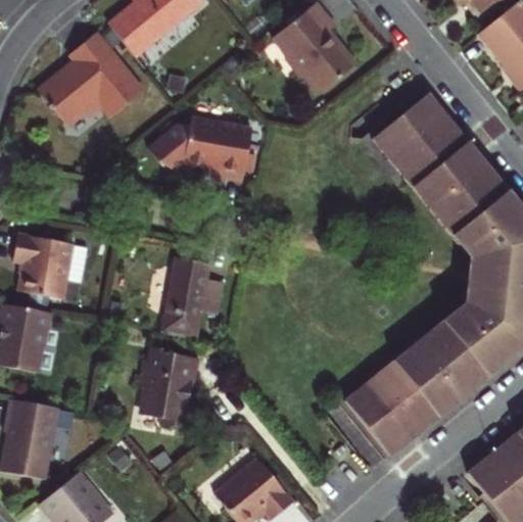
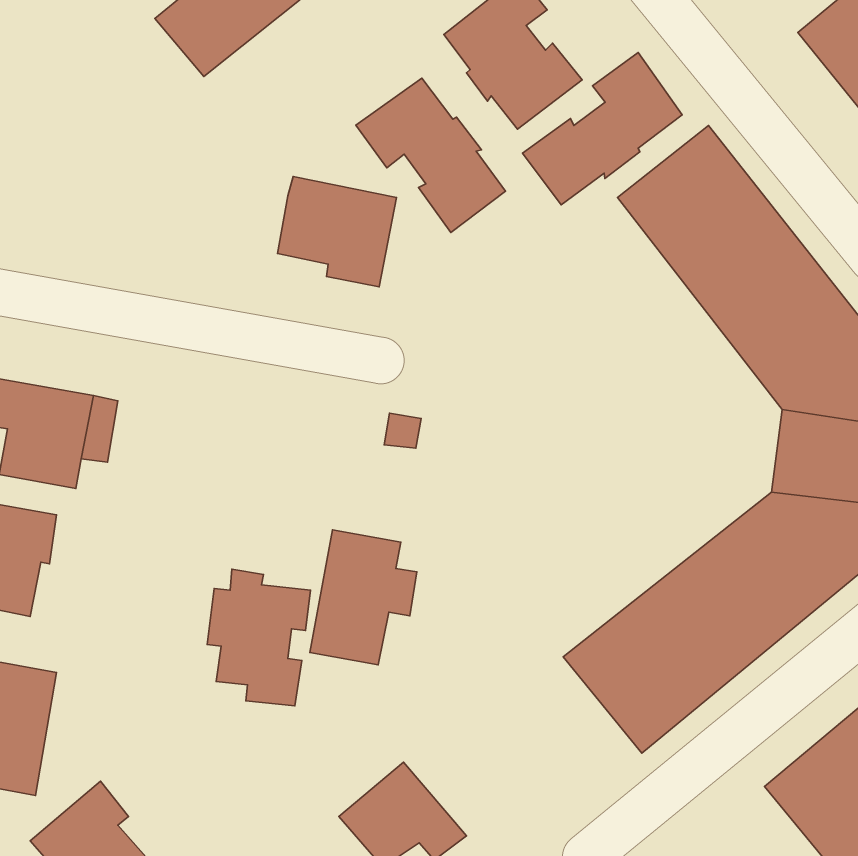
building: [45,38,149,135] -> none
building: none -> [522,53,682,205]
building: none -> [356,78,505,232]
building: [150,127,185,174] -> none
building: [156,260,219,339] -> [310,530,417,665]

